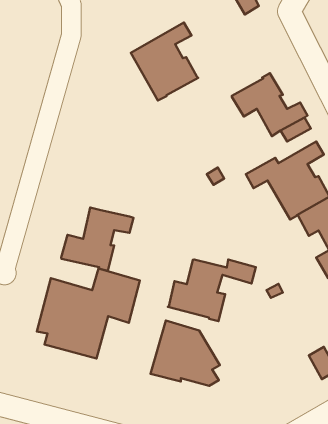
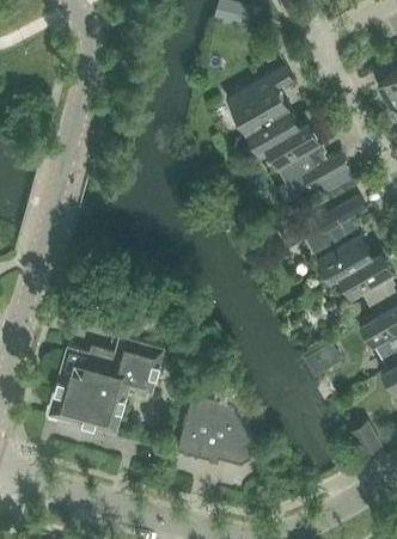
building: [131,22,198,101] -> [226,66,300,152]
building: [61,207,133,271] -> none
building: [168,259,256,321] -> none

